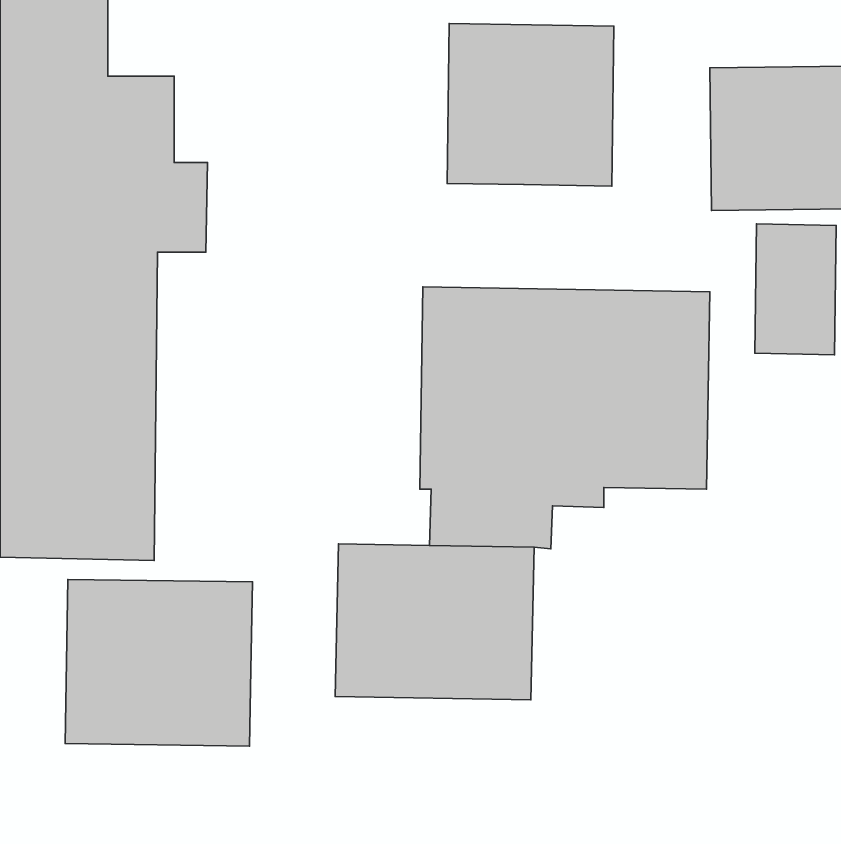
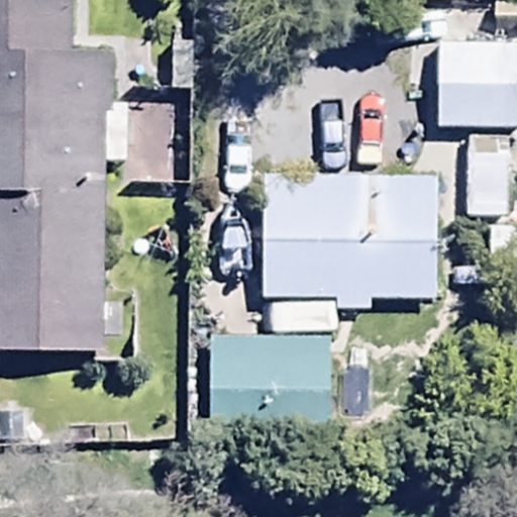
building: [447,23,614,186] -> none
building: [65,579,252,746] -> none

